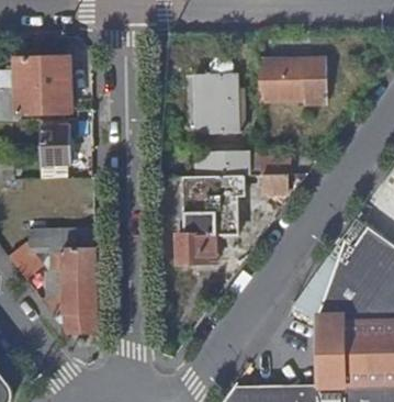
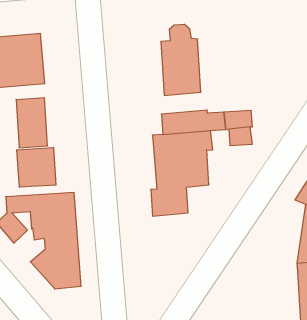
building: [259,57,331,98] -> none
building: none -> [17,147,56,187]

